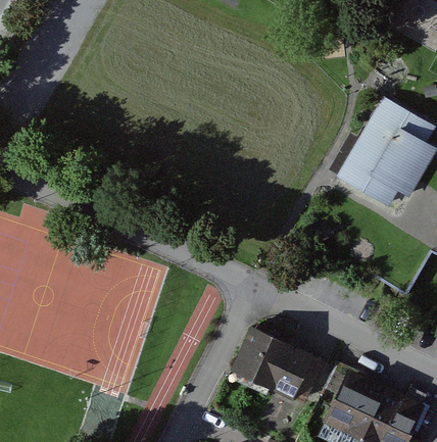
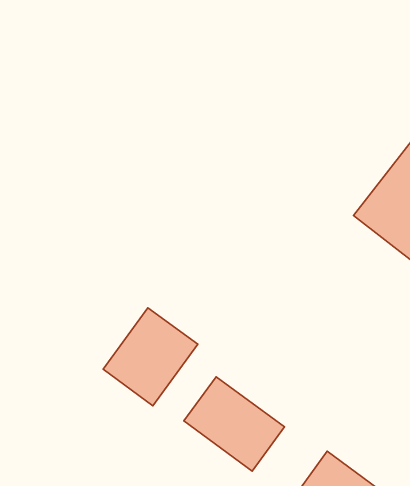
building: none -> [103,308,198,406]

